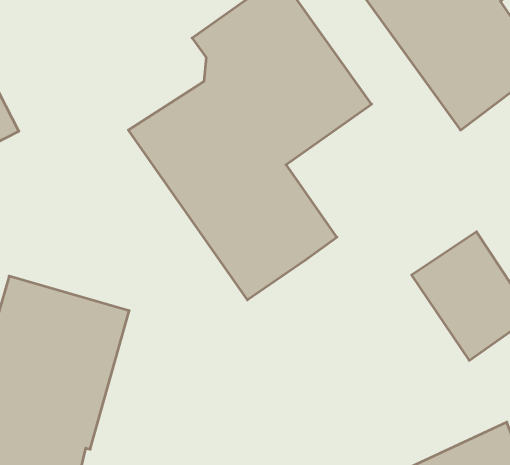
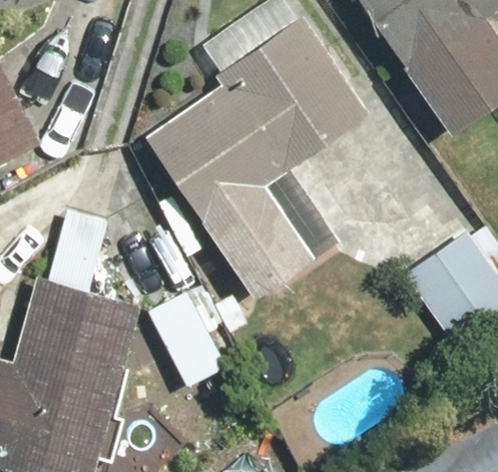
building: none -> [147,288,241,398]

